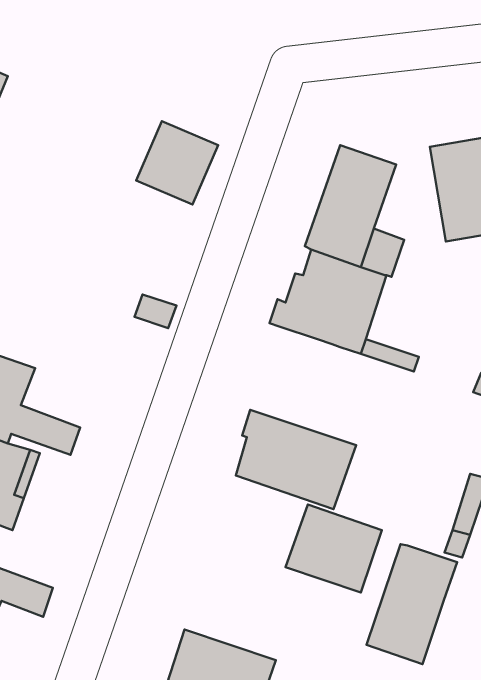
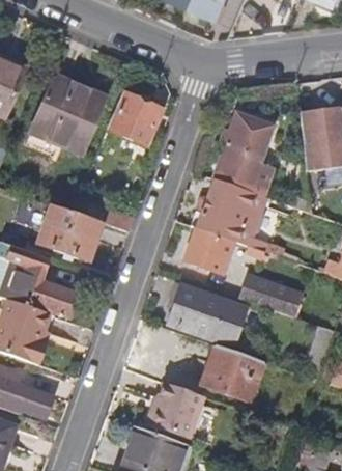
building: none -> [25,73,104,156]
building: none -> [36,203,101,260]
building: none -> [189,229,238,274]
building: none -> [241,271,305,314]
building: [367,544,457,664] -> none
building: none -> [148,380,206,437]

